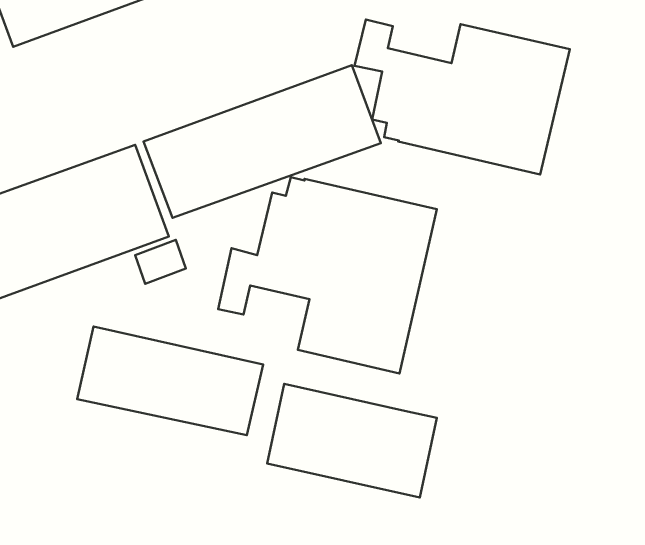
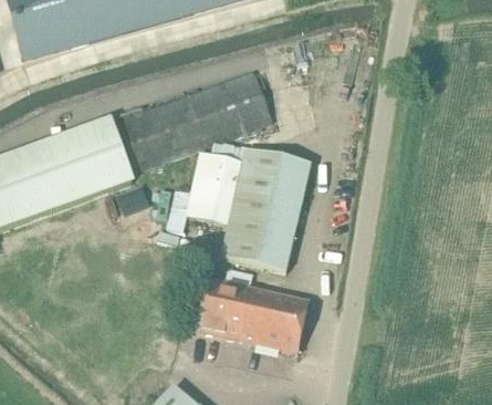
building: [355,19,570,174] -> none
building: [77,327,263,435] -> none

